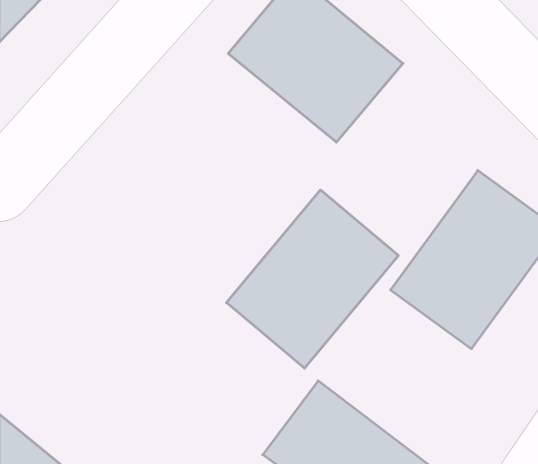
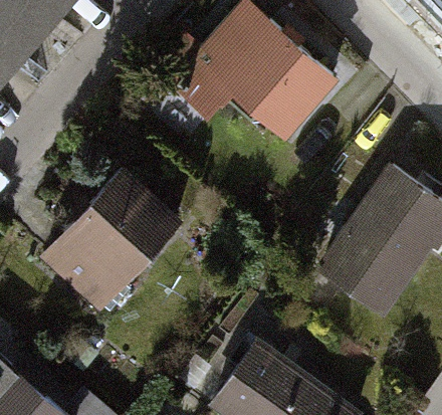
building: none -> [47,170,182,307]
building: [226,190,398,368] -> none

